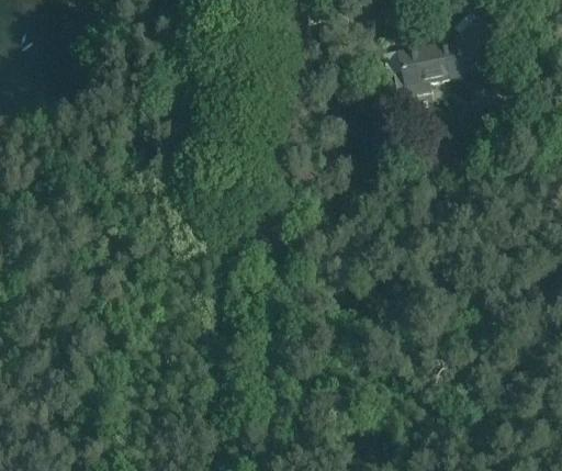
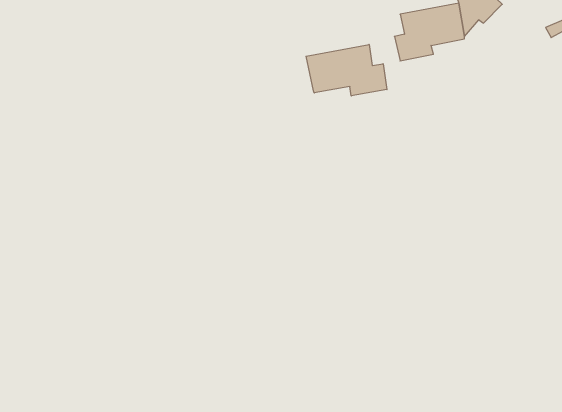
building: none -> [306,44,387,96]

